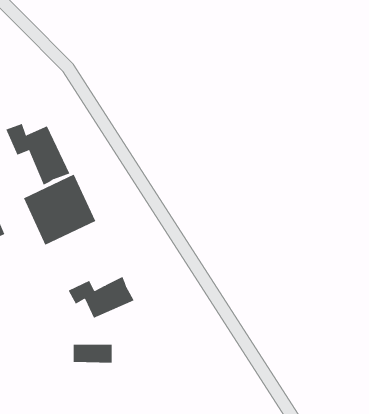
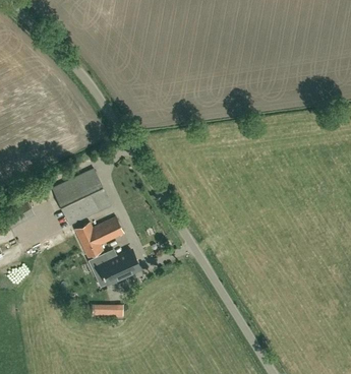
building: [6,123,70,186] -> none
building: none -> [74,217,123,257]

